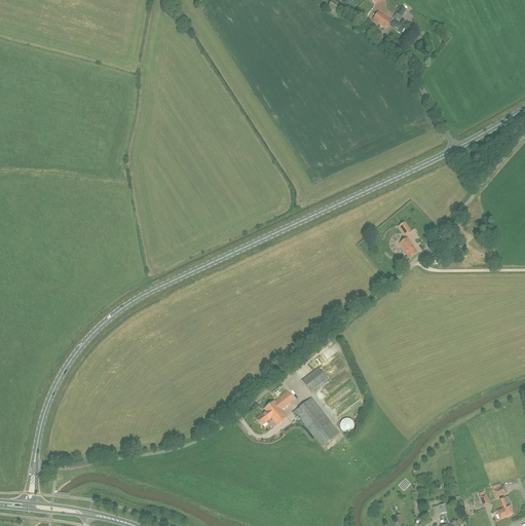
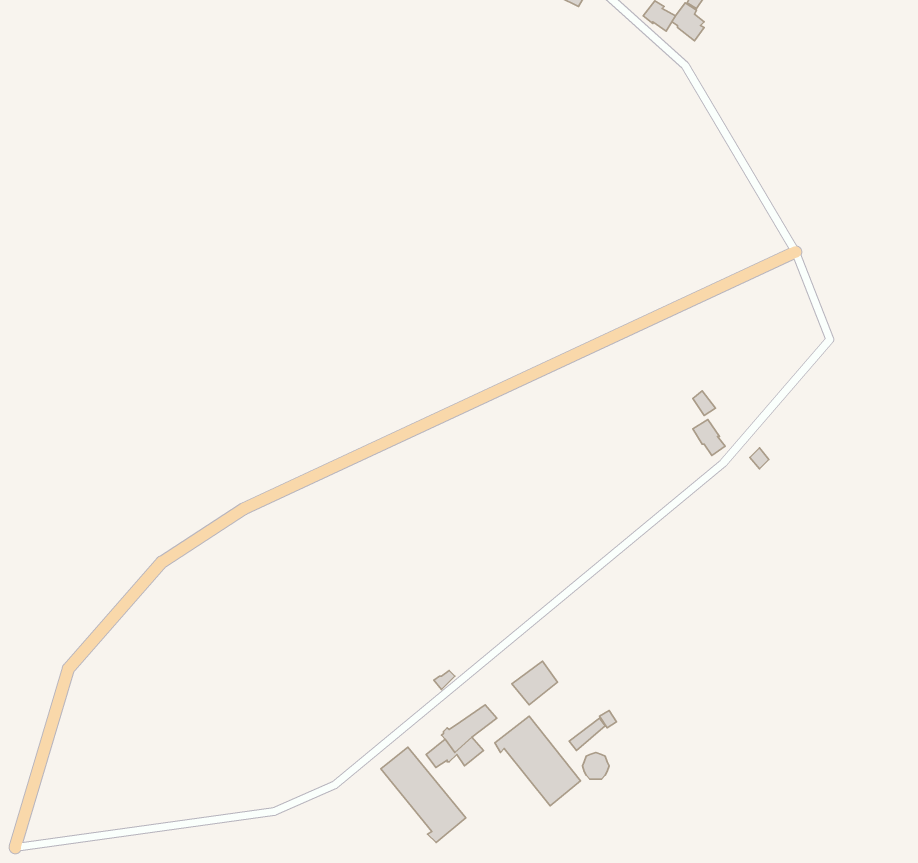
building: none -> [381,747,466,843]

